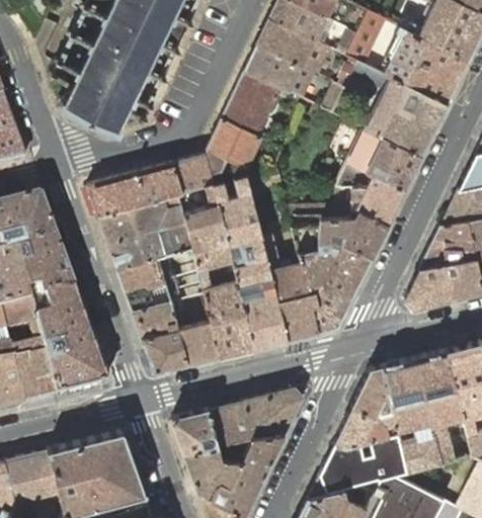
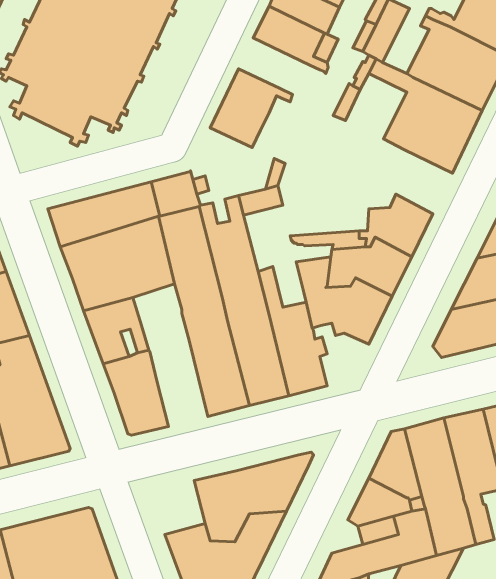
building: [245,45,315,97] -> none
building: [207,118,261,169] -> none
building: [335,127,421,189] -> none
building: [158,247,220,364] -> none
building: [307,279,352,331] -> none
building: [172,409,218,453] -> none

